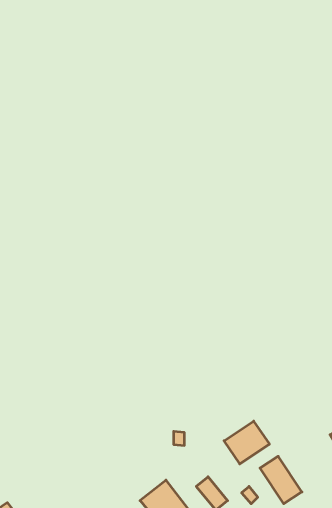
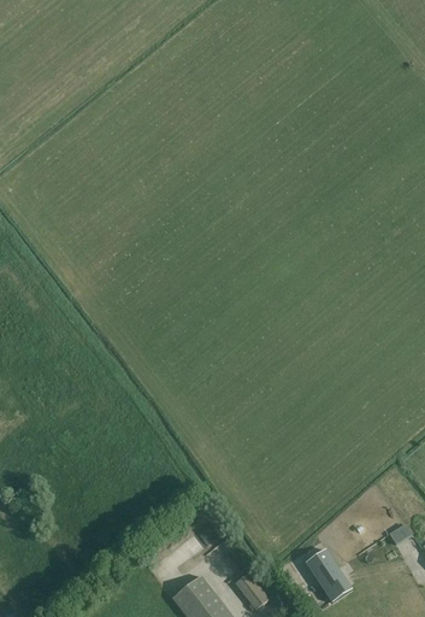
building: [224,421,269,464] -> none

